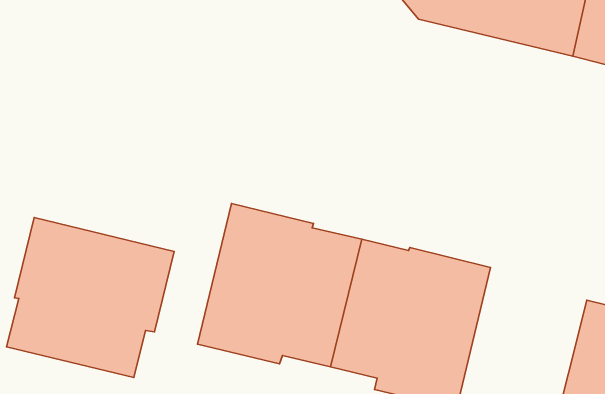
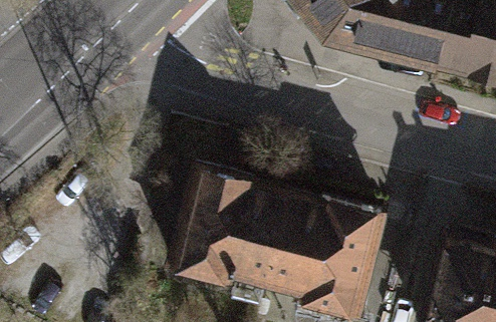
building: [7,218,174,377] -> none

